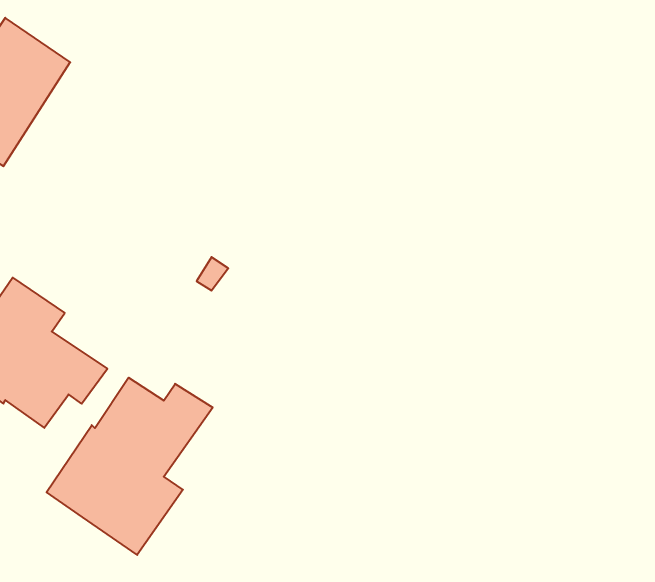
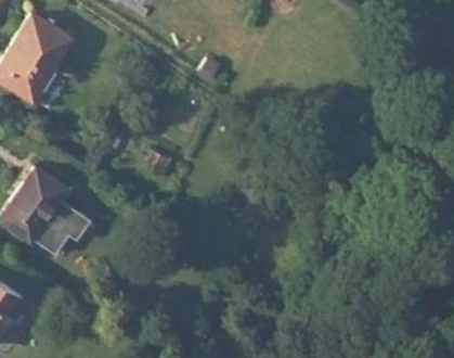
building: [47,378,213,555] -> none

